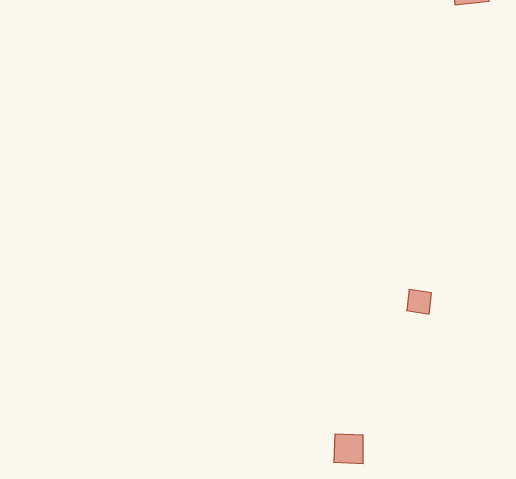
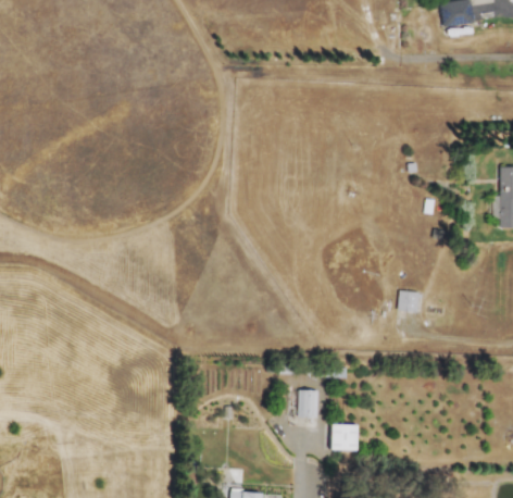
building: none -> [299,390,318,419]

